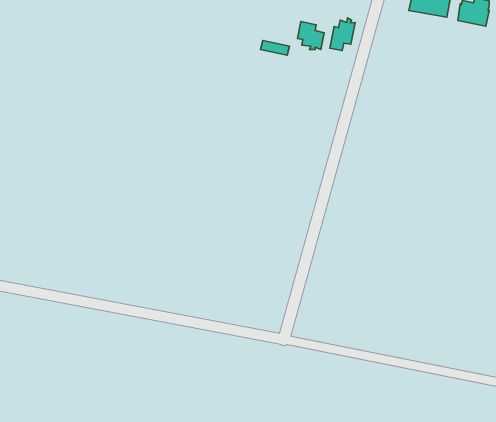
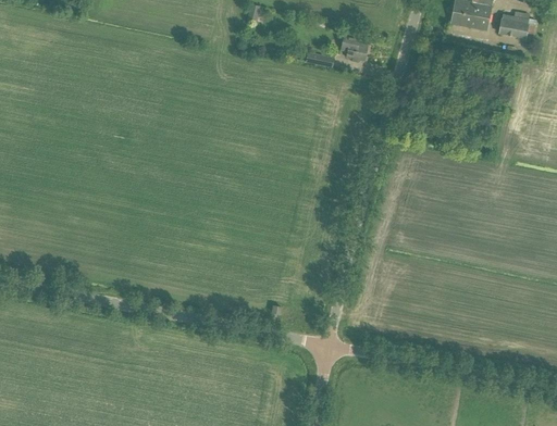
building: [330,18,355,50] -> none

